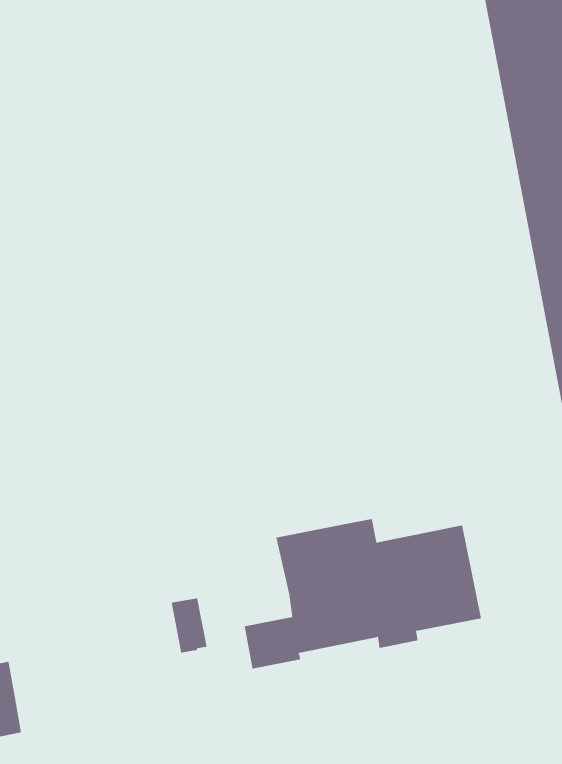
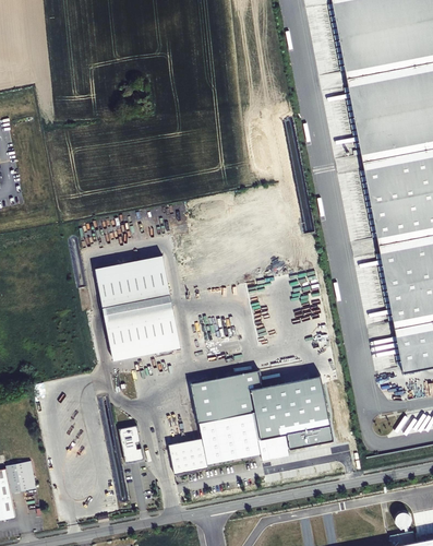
building: none -> [95,256,179,358]
building: none -> [8,461,36,492]

